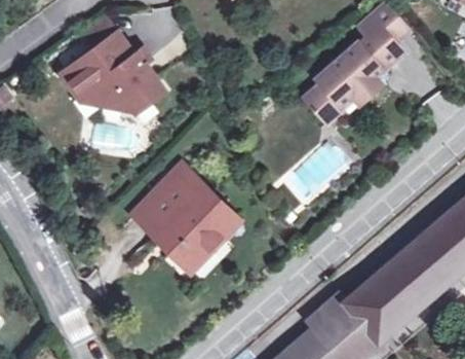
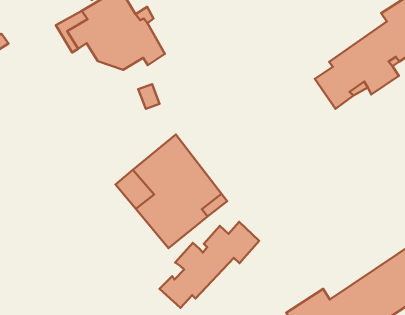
building: none -> [160,222,259,308]

